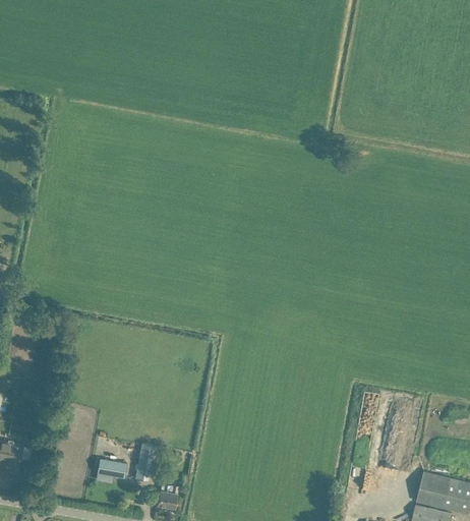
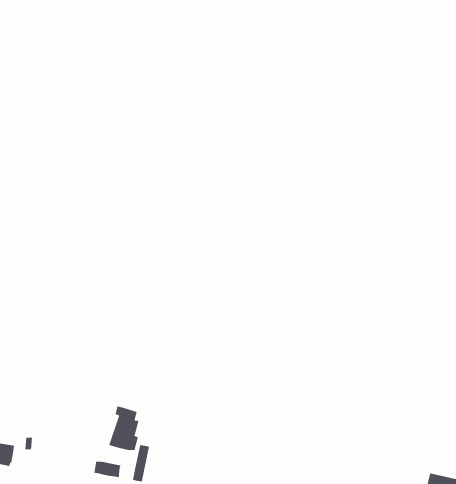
building: none -> [109,405,139,451]

